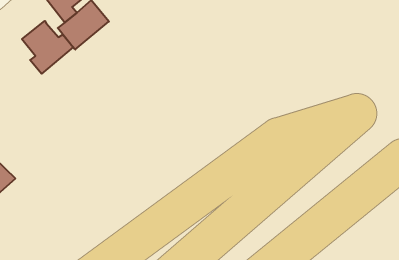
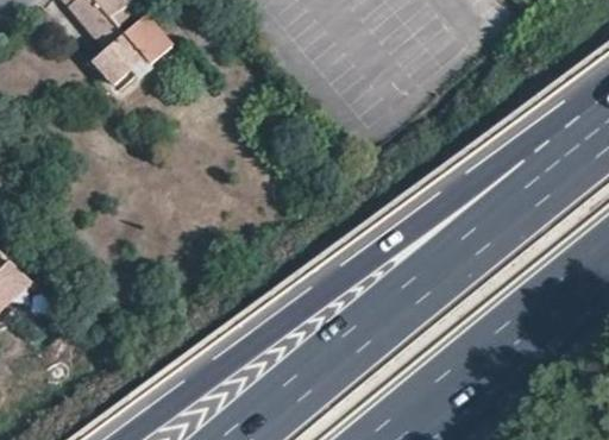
building: [22,21,73,74] -> none

